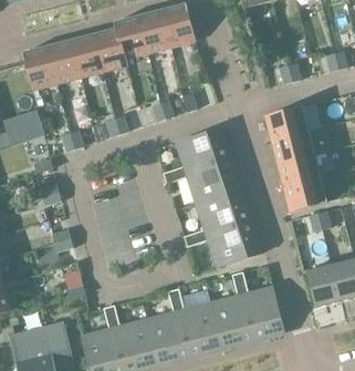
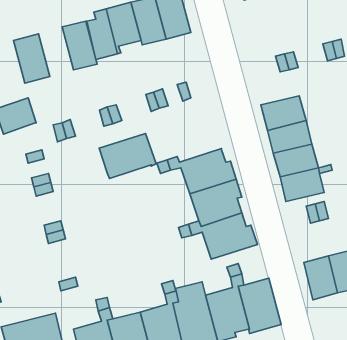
building: [46,39,81,87] -> none
building: [175,127,230,172] -> [99,133,156,179]

